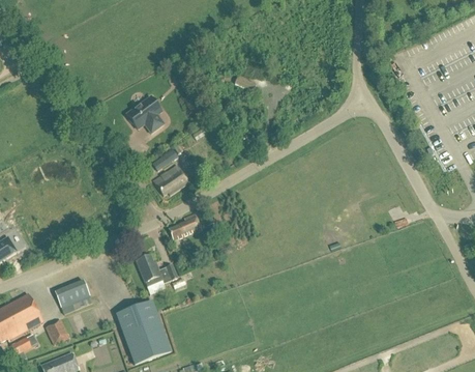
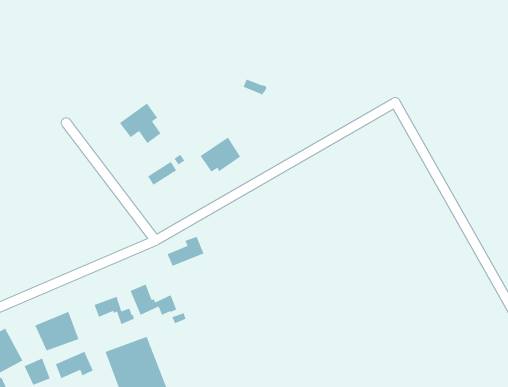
building: [152,165,188,196] -> [199,137,241,172]
building: none -> [94,296,135,325]
building: none -> [55,351,94,379]

